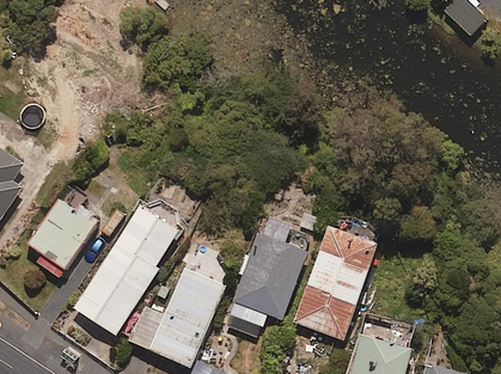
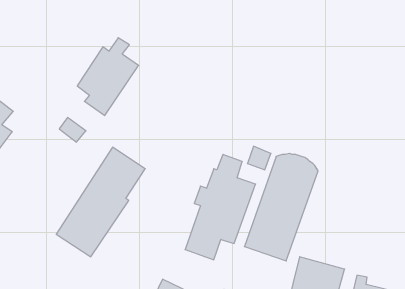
building: [28,188,99,278] -> [77,38,139,116]
building: [128,268,226,367] -> none

